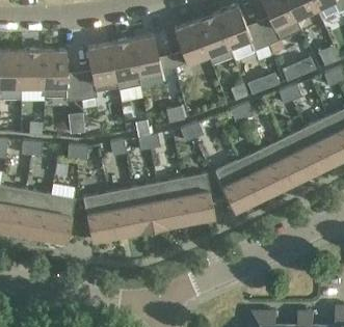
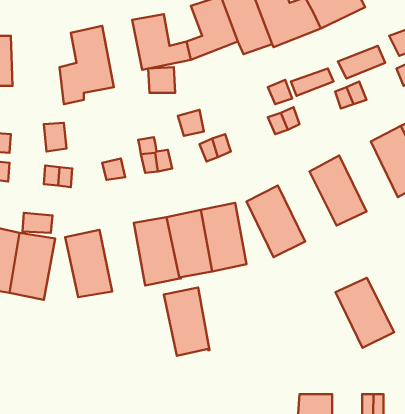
building: [108,39,138,90] -> none
building: [42,51,80,101] -> none
building: [281,128,323,179] -> none
building: [236,149,279,200] -> [336,278,394,348]
building: [106,187,139,237] -> [164,287,210,356]

